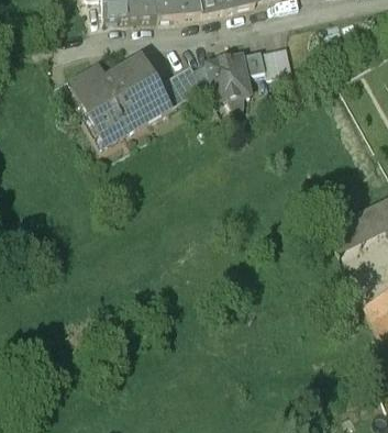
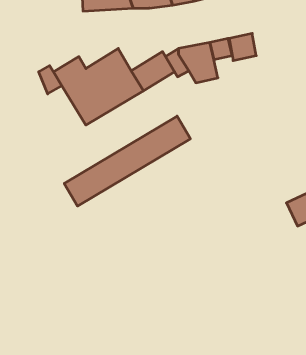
building: none -> [64,116,190,206]

